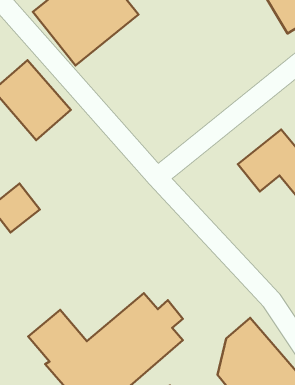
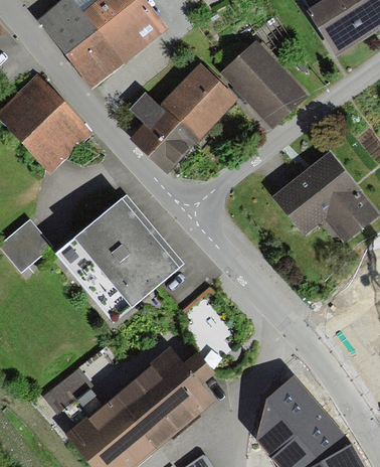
building: none -> [226,45,305,125]
building: none -> [133,67,234,170]
building: none -> [60,195,183,319]

